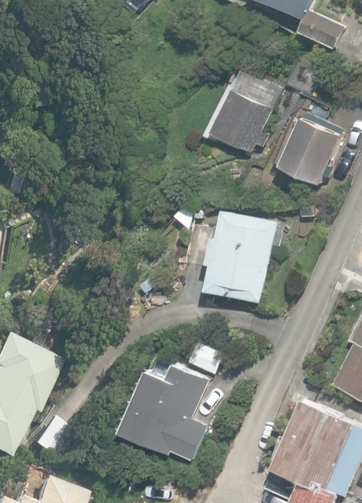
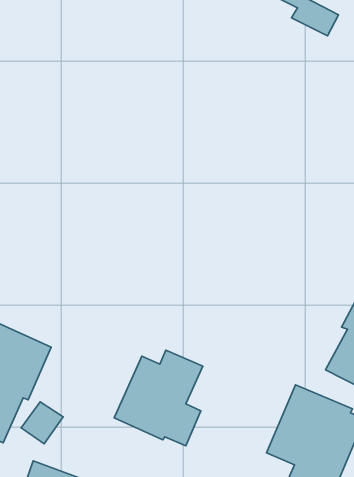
building: [212,88,273,152] -> none
building: [280,112,342,183] -> none
building: [204,210,277,303] -> none

